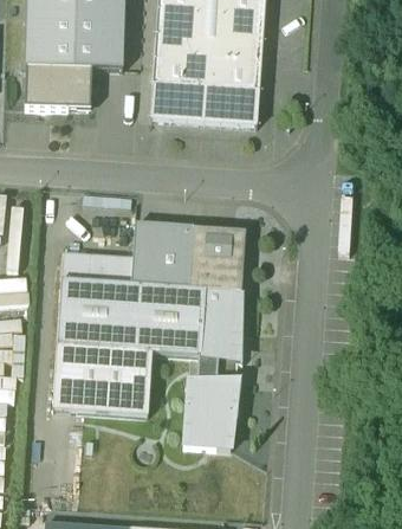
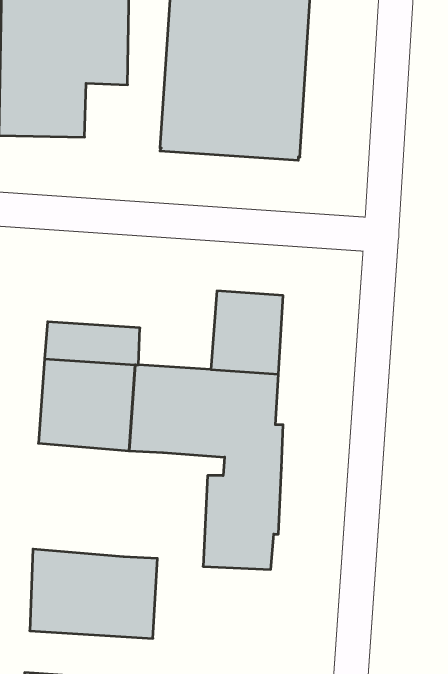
building: [132,214,193,288] -> none
building: [53,344,151,413] -> [30,549,157,638]

